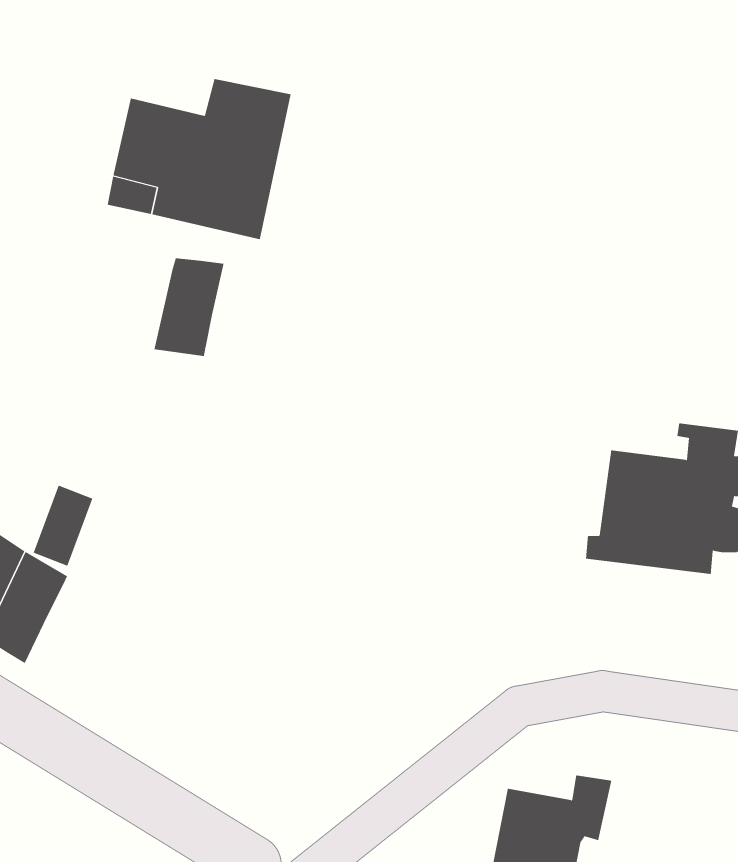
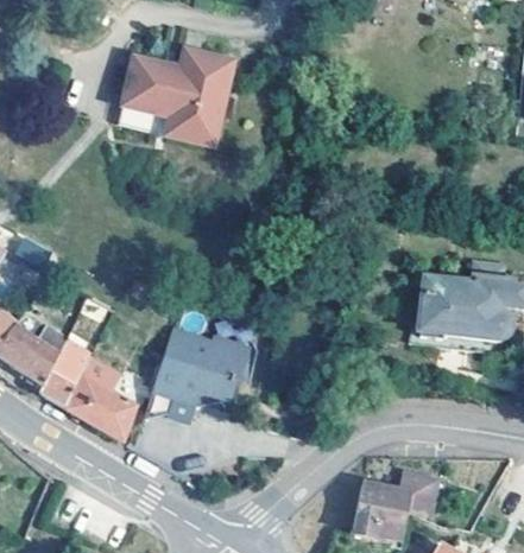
building: [154,257,224,357] -> none
building: none -> [146,330,251,414]
building: none -> [71,357,137,440]

